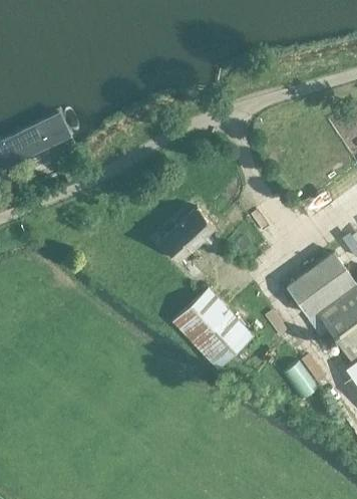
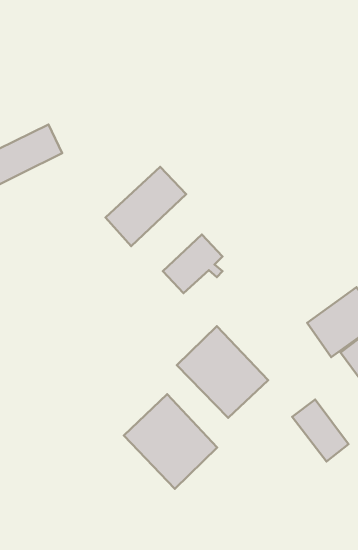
building: none -> [105,167,186,246]
building: none -> [124,394,217,489]

